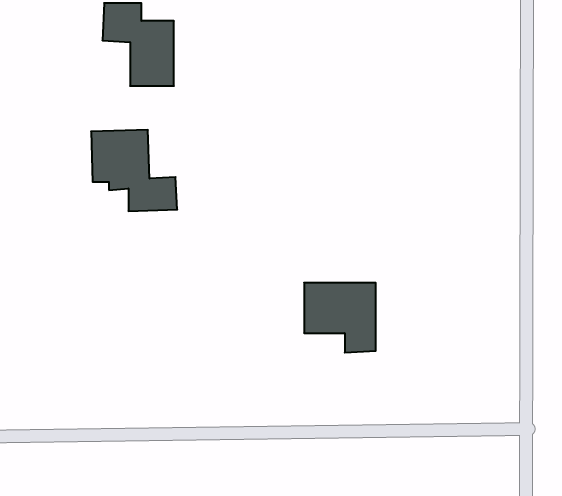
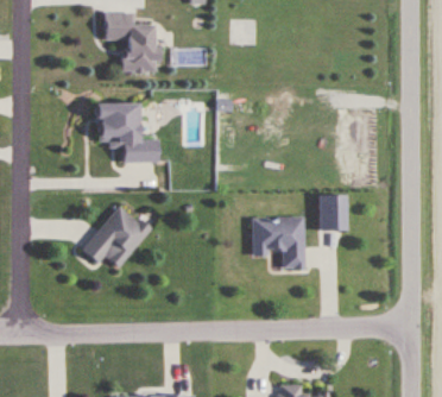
building: none -> [317,194,346,228]
building: none -> [82,204,150,269]

